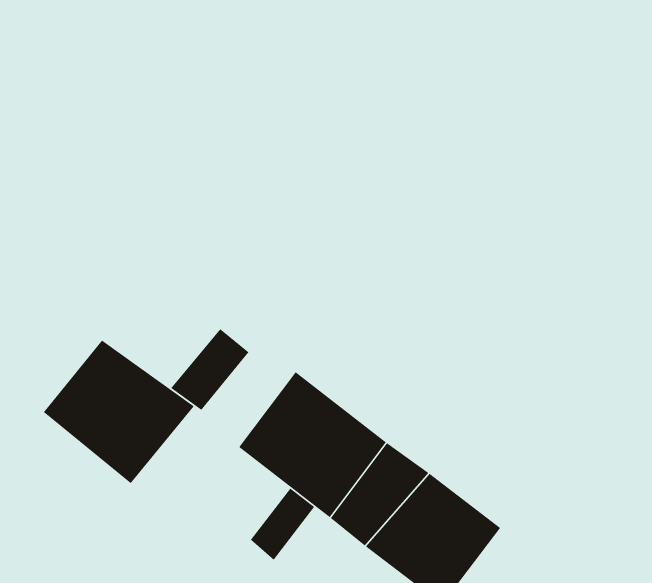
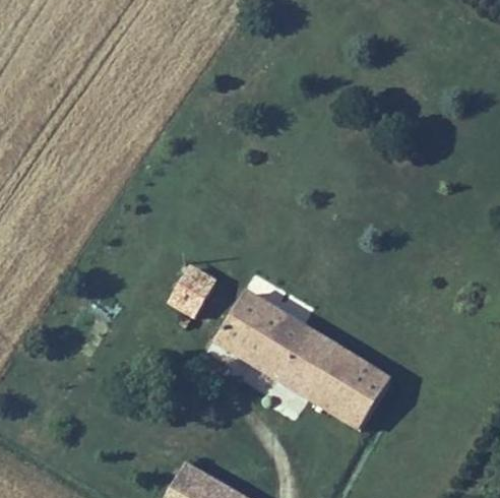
building: [43,340,195,484] -> none
building: [250,488,315,561] -> none

